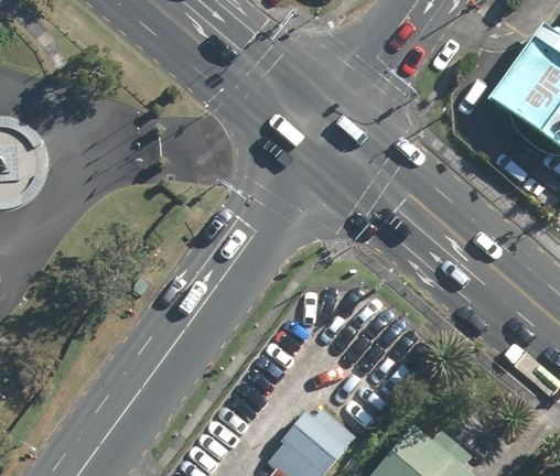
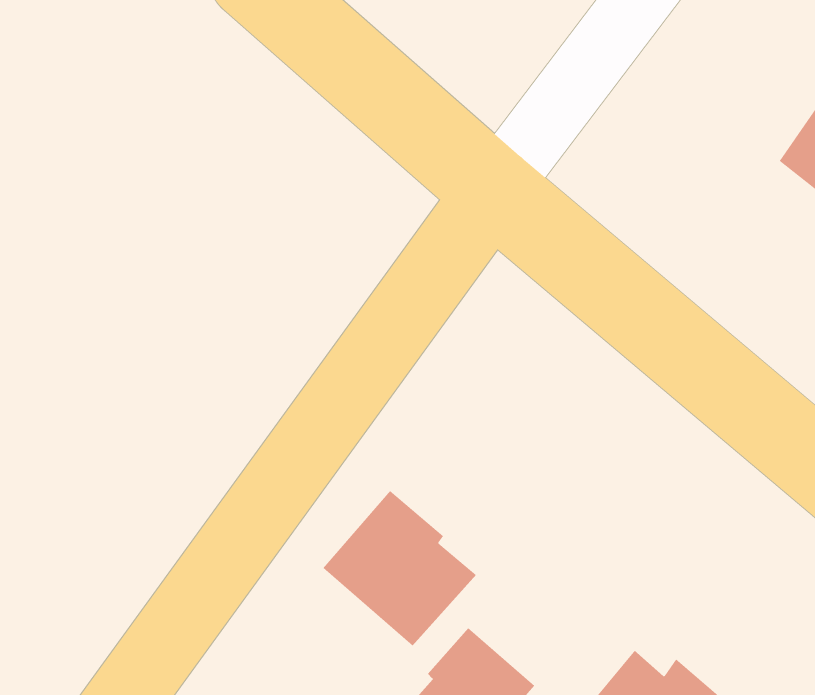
building: none -> [322,490,477,647]

